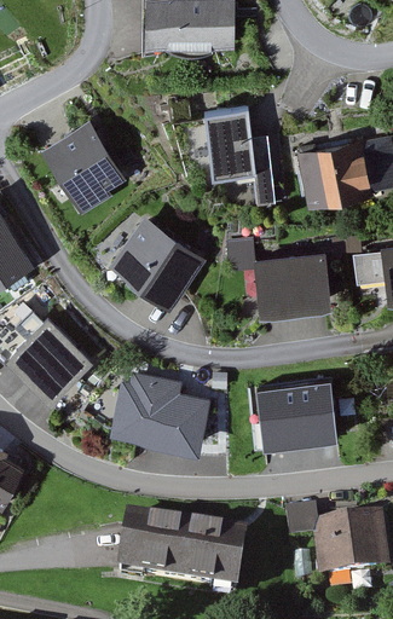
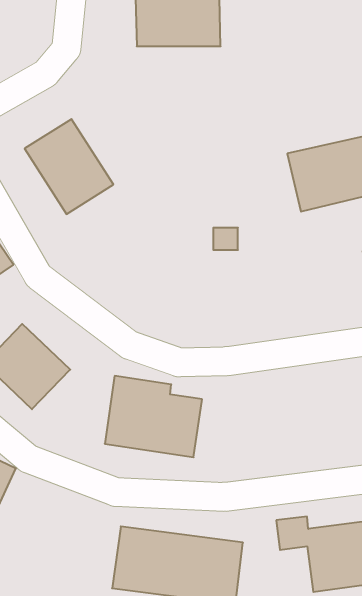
building: [197,108,267,204] -> none
building: [111,218,206,307] -> none
building: [260,244,341,317] -> none
building: [244,383,330,452] -> none

